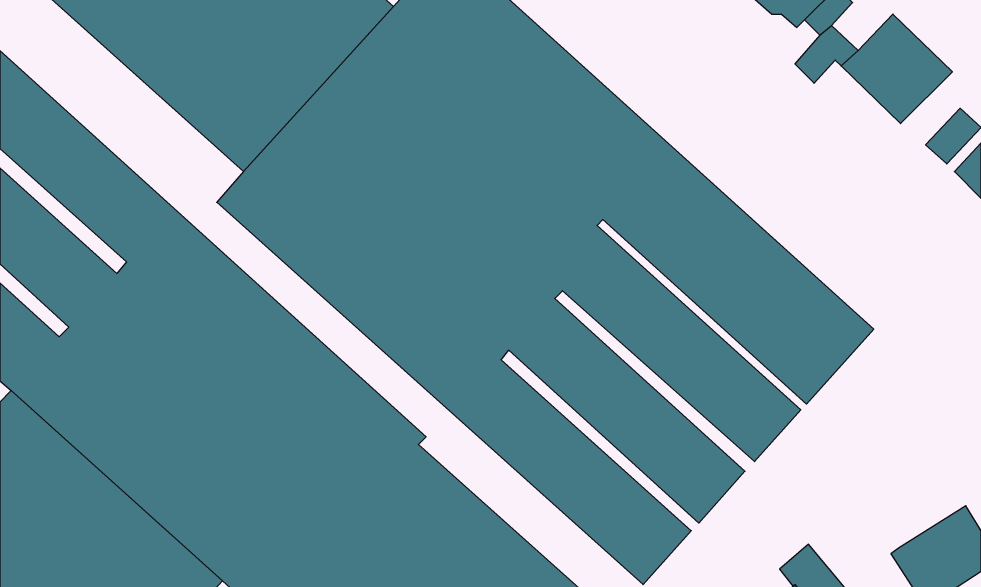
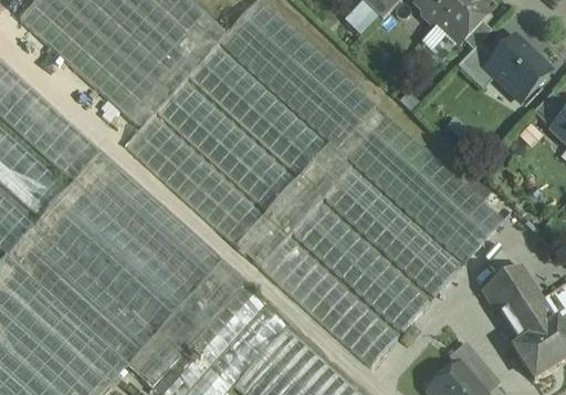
building: none -> [481,263,556,344]

